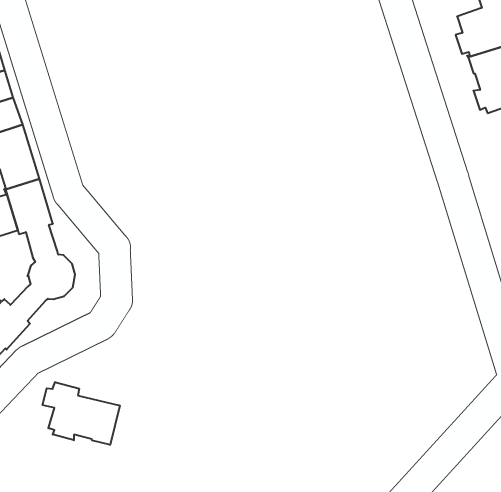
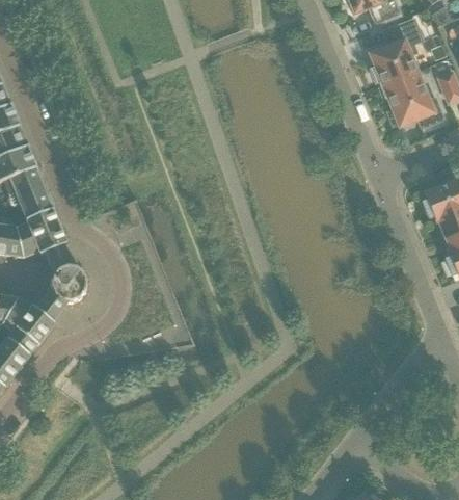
building: [43,382,120,445] -> none

